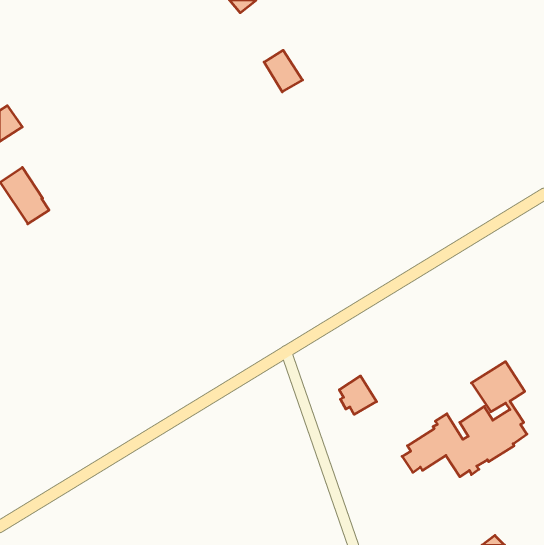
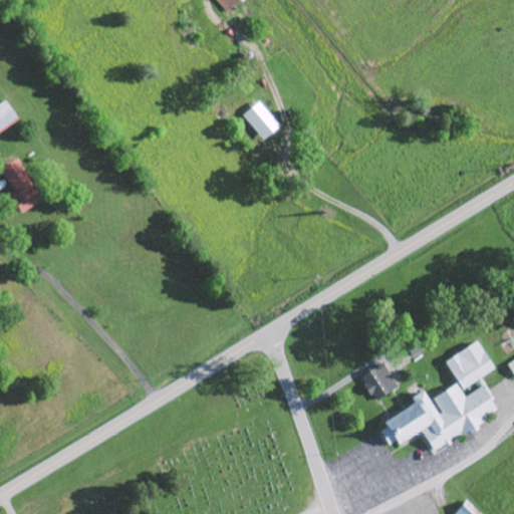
building: [264,50,303,92] -> [244,101,280,141]
building: [339,376,377,414] -> [362,362,398,399]

